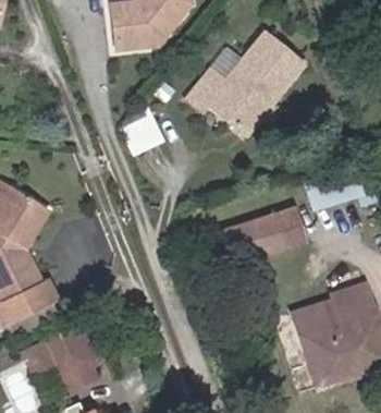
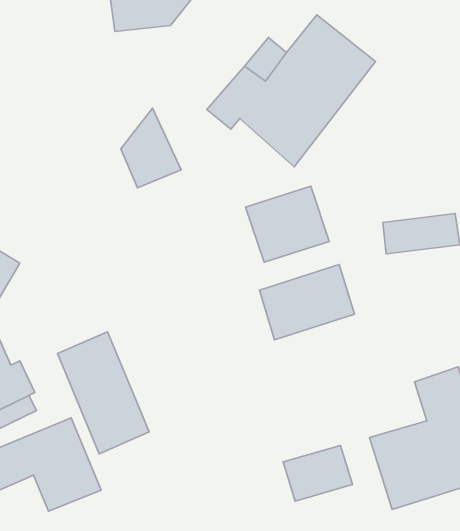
building: none -> [246,186,329,262]
building: none -> [58,332,149,454]
building: [292,295,342,336] -> [283,445,352,501]

